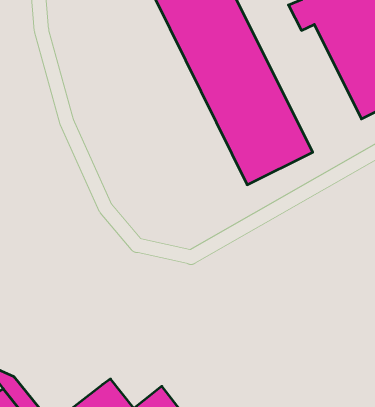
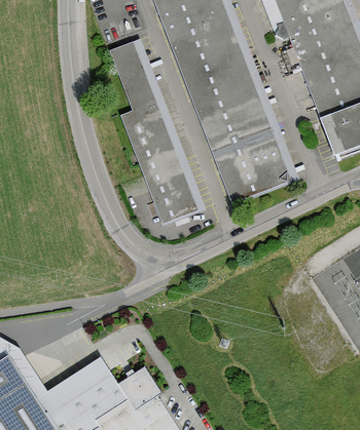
building: none -> [111,42,197,224]

